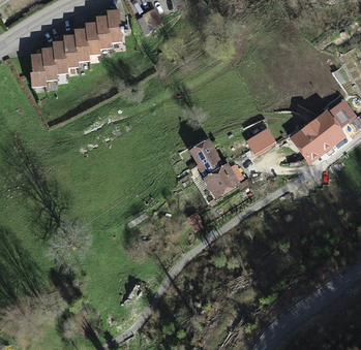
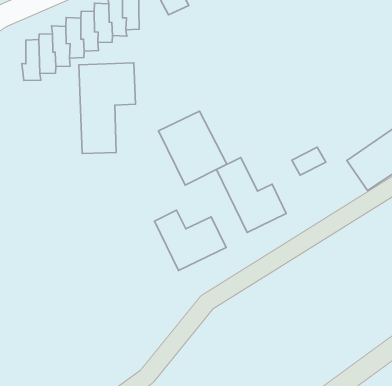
building: none -> [79,63,136,154]
building: none -> [159,111,227,185]
building: none -> [155,210,226,271]

